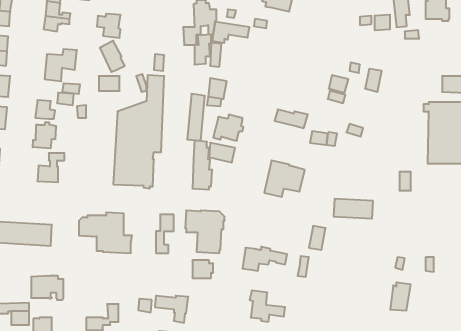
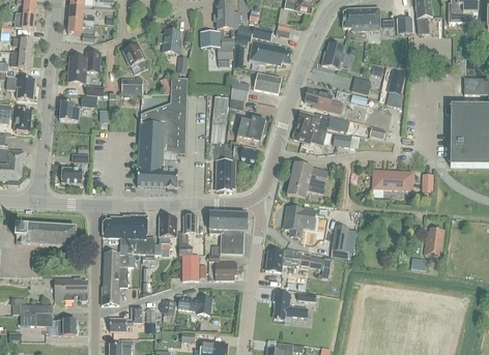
building: none -> [341,7,379,30]
building: [97,14,121,38] -> [155,29,179,53]
building: none -> [248,40,291,64]
building: none -> [320,42,344,68]
building: none -> [253,71,281,92]
building: none -> [304,88,342,113]
building: none -> [291,122,325,144]
building: [33,122,56,148] -> none
building: [334,199,373,219] -> [372,170,411,189]
building: none -> [283,206,314,236]
building: none -> [153,216,176,257]
building: none -> [100,252,133,304]
building: none -> [181,254,198,279]
building: [390,282,411,310] -> [423,227,443,255]

